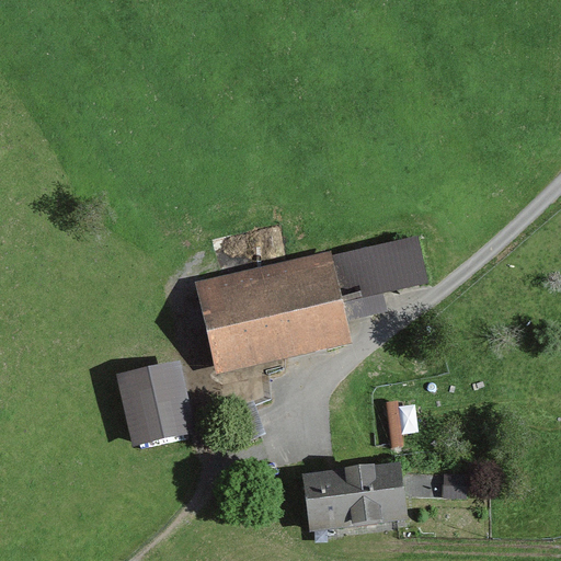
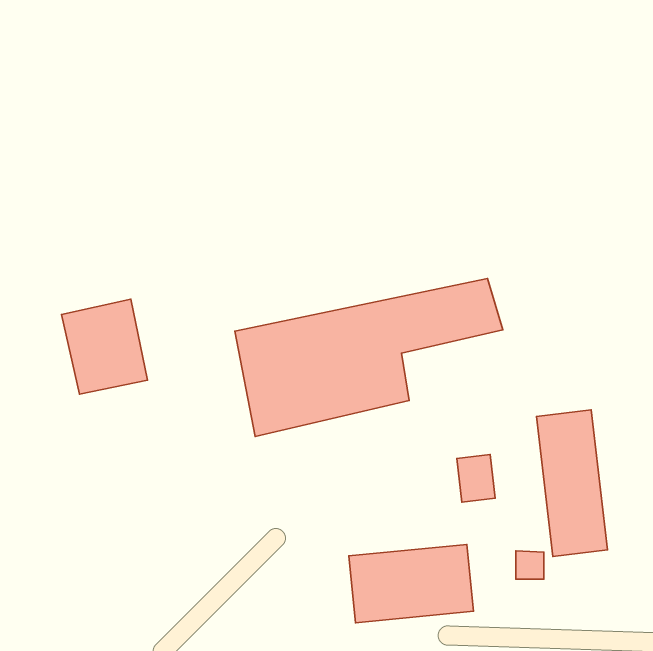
building: none -> [537,410,608,556]
building: [115,360,188,442] -> [62,299,147,394]

